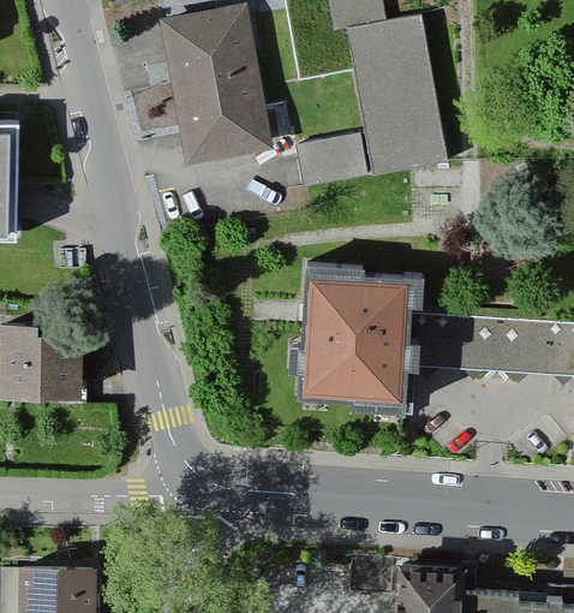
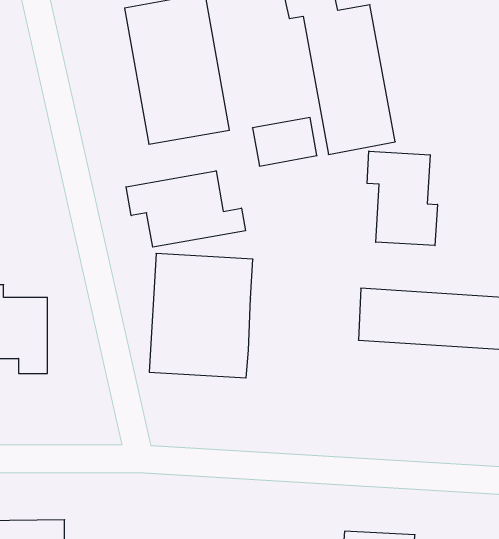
building: none -> [367,151,437,246]
building: none -> [126,171,245,247]
building: [303,266,411,395] -> [149,253,253,378]

